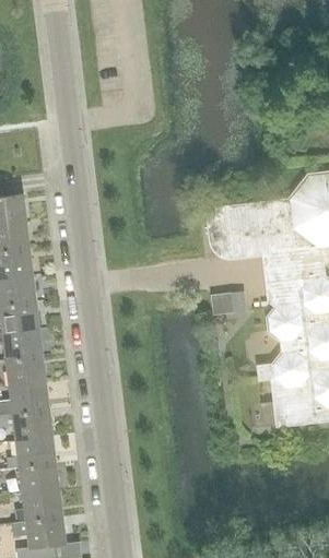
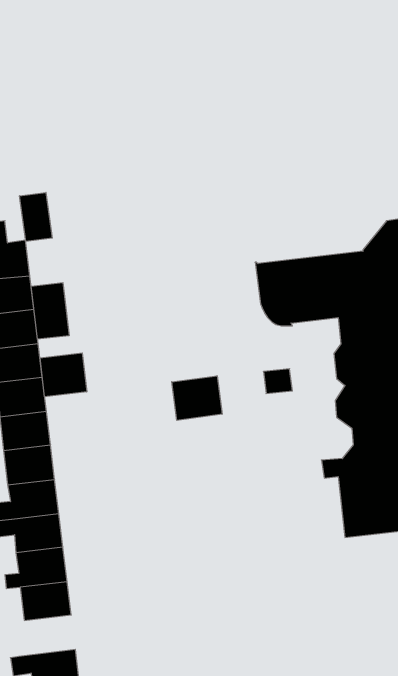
building: none -> [20,192,52,242]
building: none -> [31,283,69,339]
building: none -> [40,353,87,397]
building: none -> [172,376,222,420]
building: [15,489,62,522] -> none

